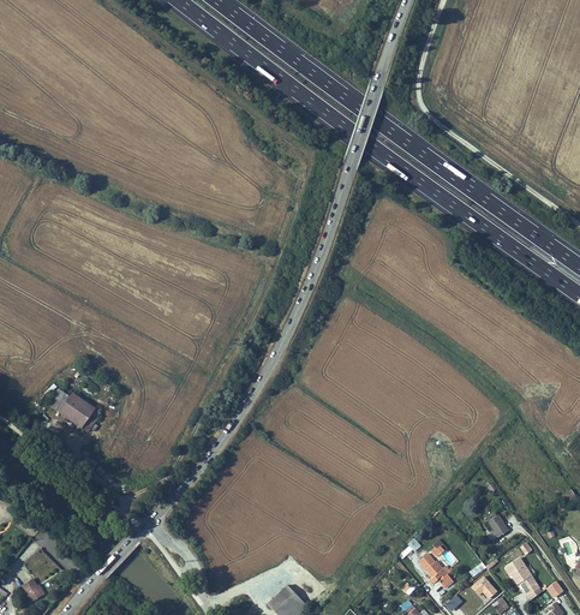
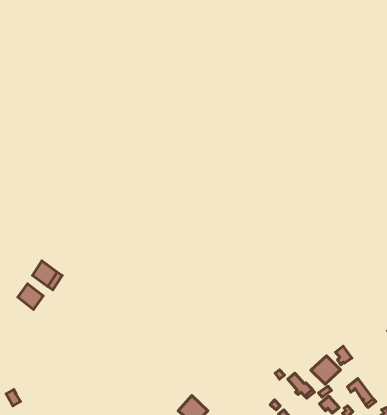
building: none -> [18,284,43,310]
building: none -> [311,356,341,384]

